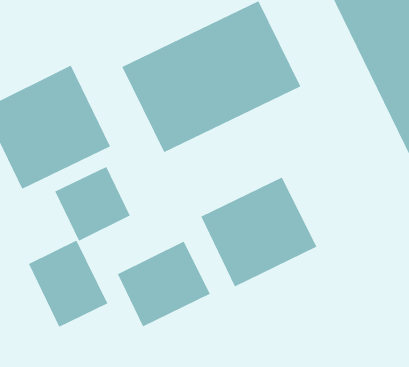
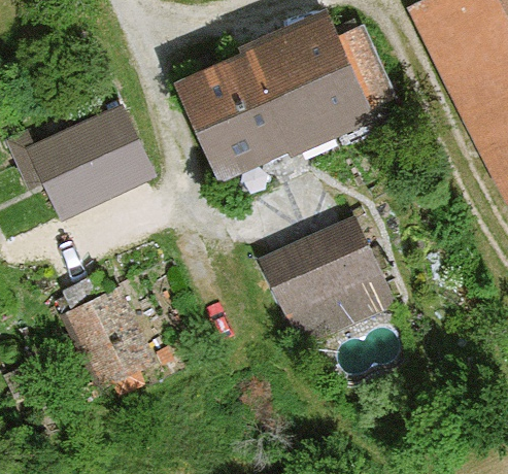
building: [54,166,130,242] -> none
building: [117,241,210,327] -> none

